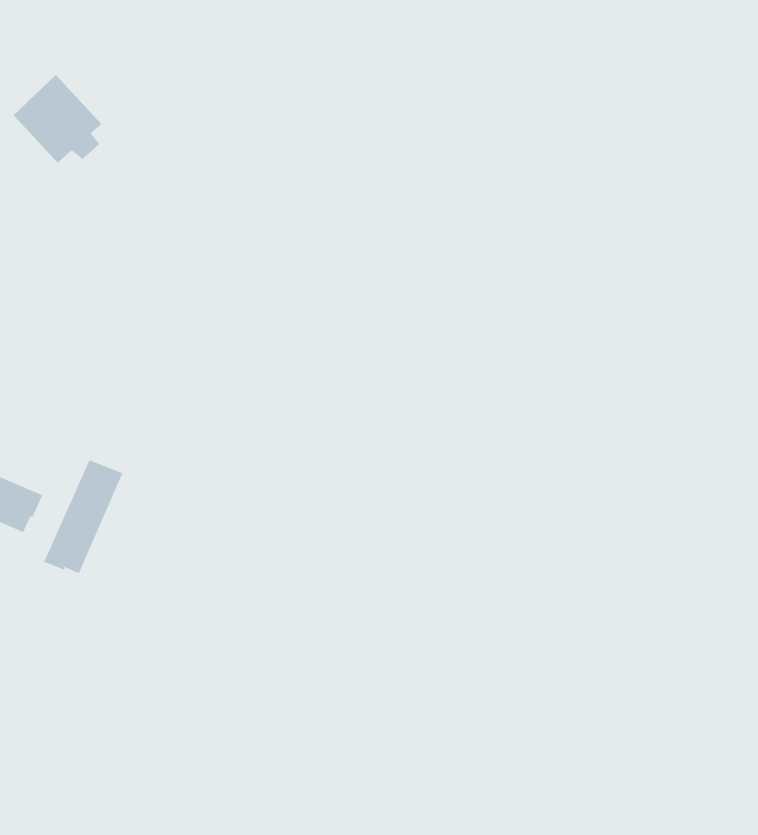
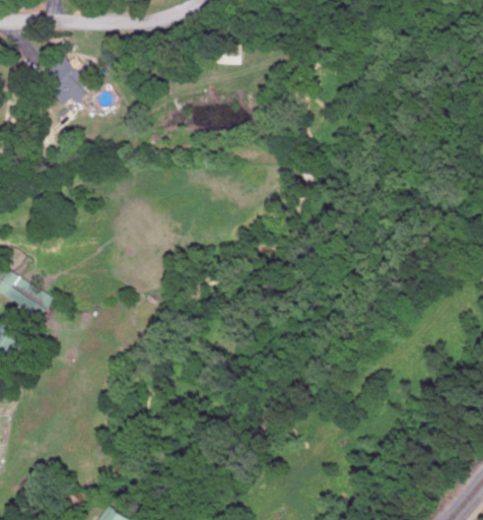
building: [44,460,123,574] -> none

